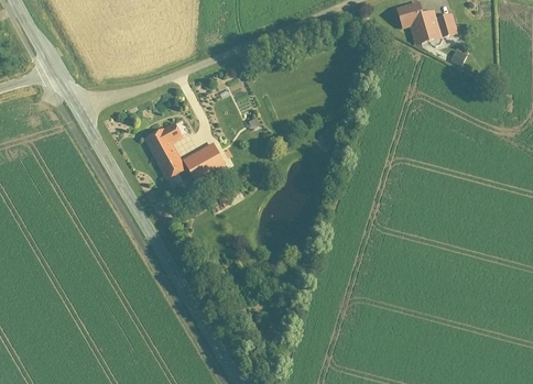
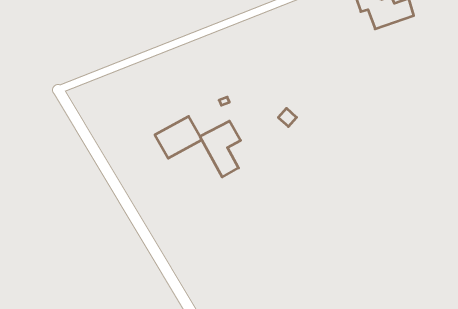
building: [143,120,187,180] -> [200,121,241,177]

